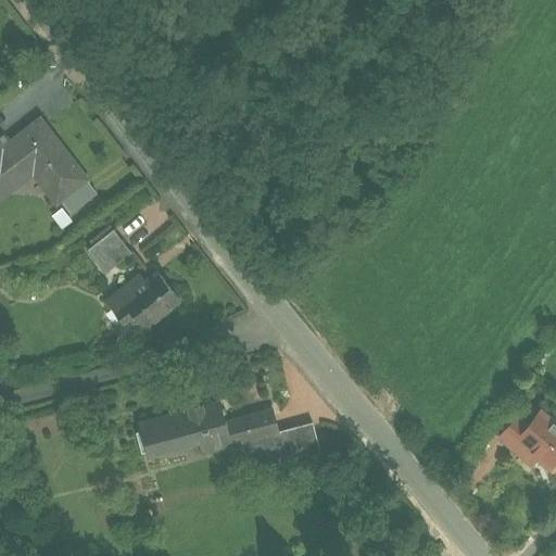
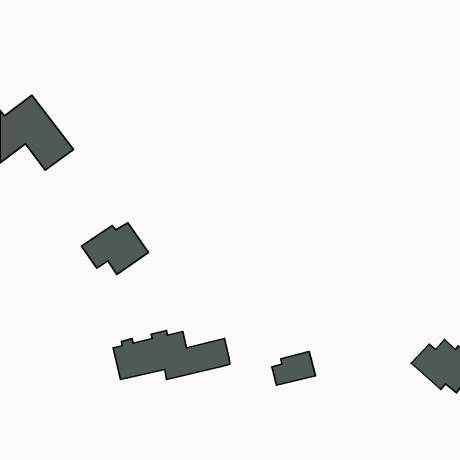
building: [86,230,131,275] -> none
building: [267,425,319,465] -> [272,352,315,385]

